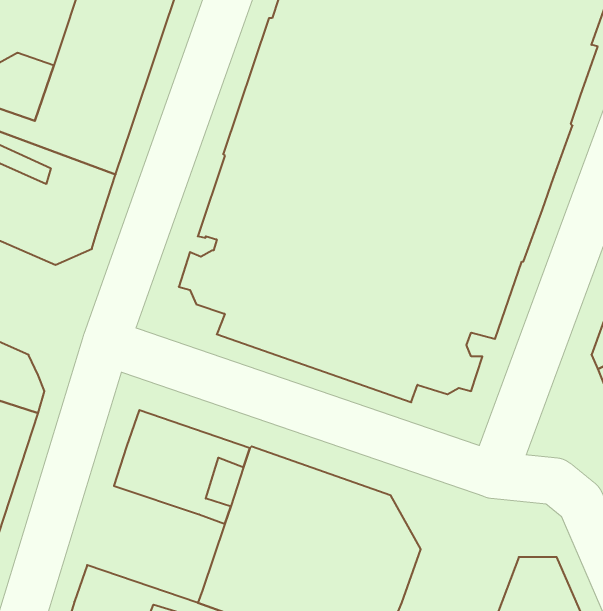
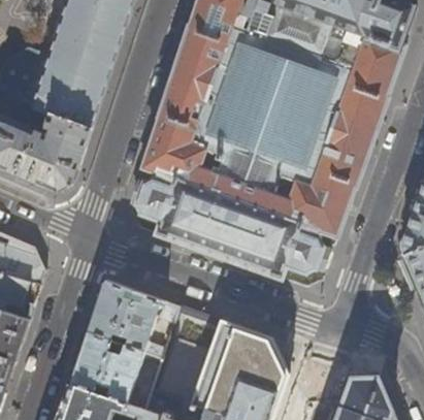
building: none -> [70,332,145,409]

